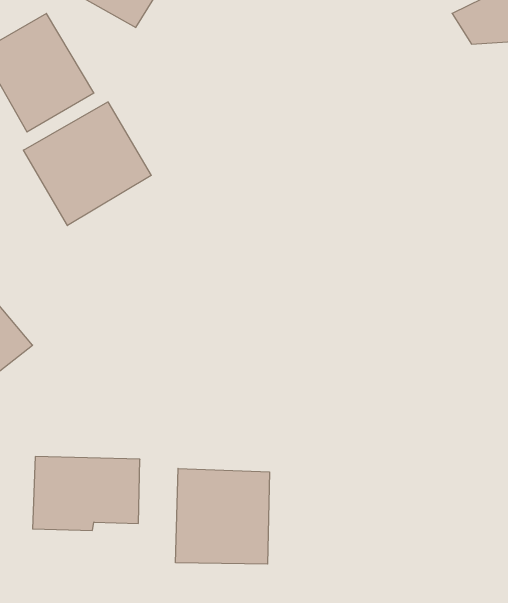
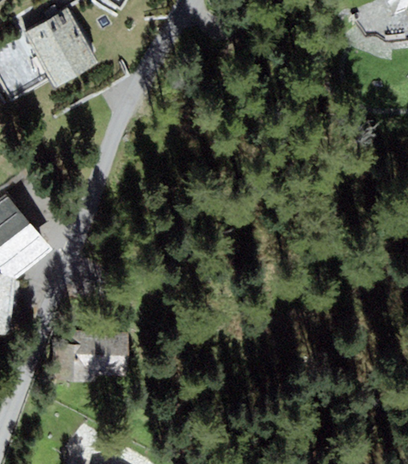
building: [23,102,151,226] -> none
building: [176,468,269,564] -> none

